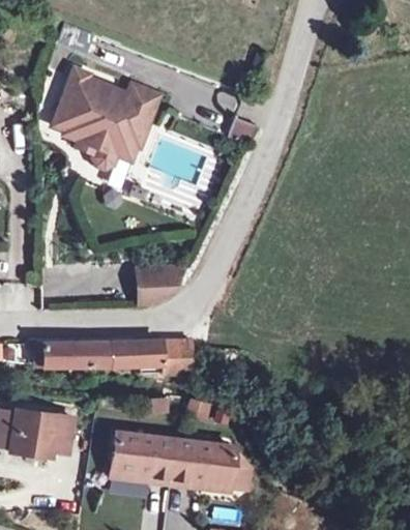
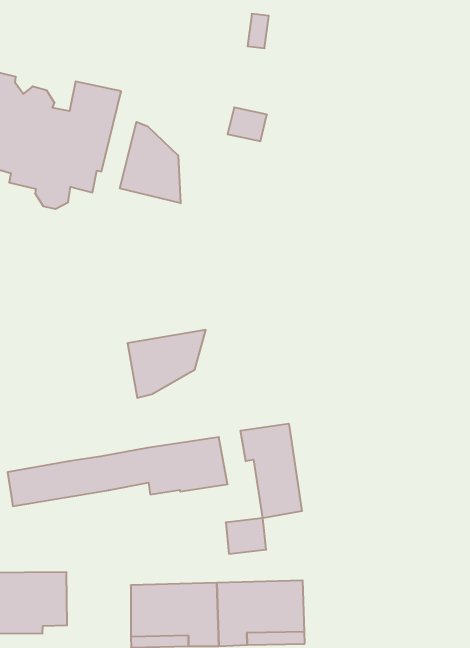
building: none -> [120,122,181,203]
building: none -> [240,424,302,518]

